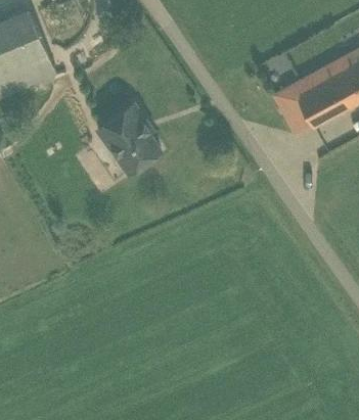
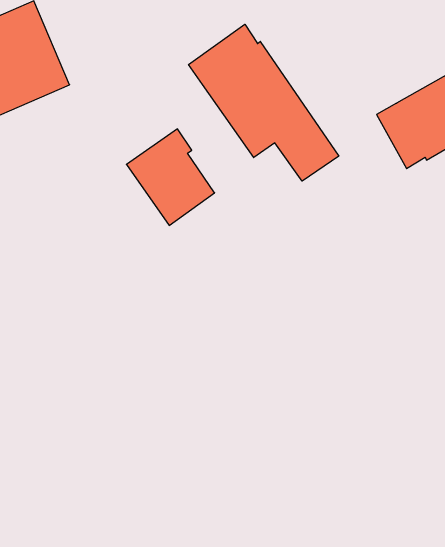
building: none -> [189,24,339,181]

